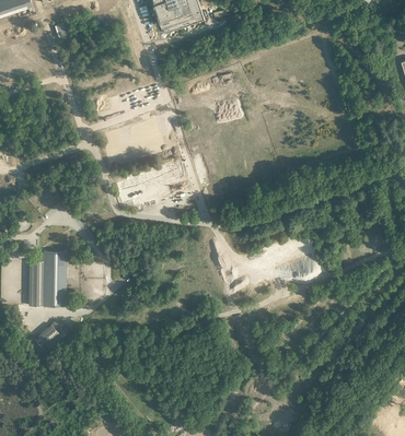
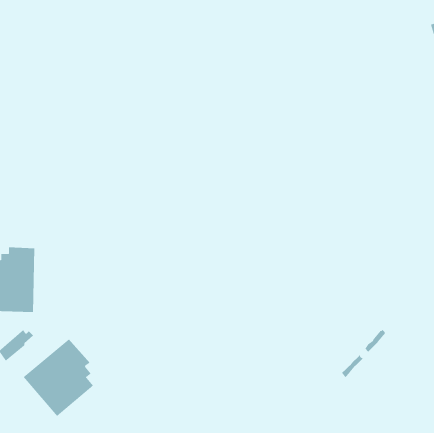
building: none -> [23,338,94,417]

